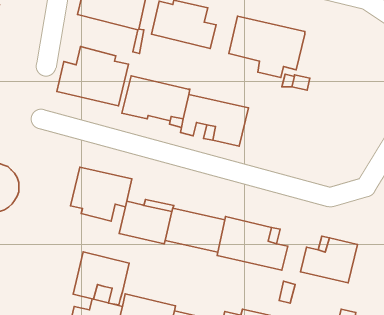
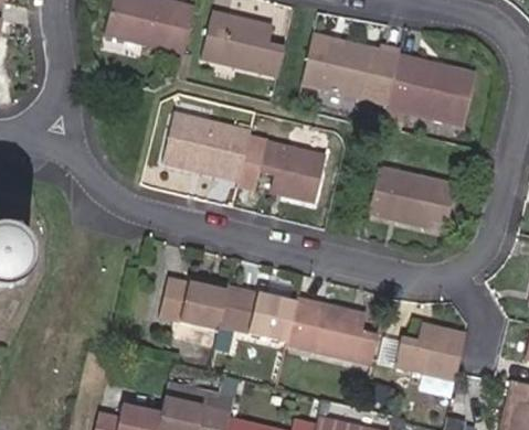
building: none -> [388,58,476,123]
building: [57,47,129,106] -> none
building: none -> [368,165,455,229]
building: [70,167,132,221] -> none
building: [73,252,129,305] -> none

